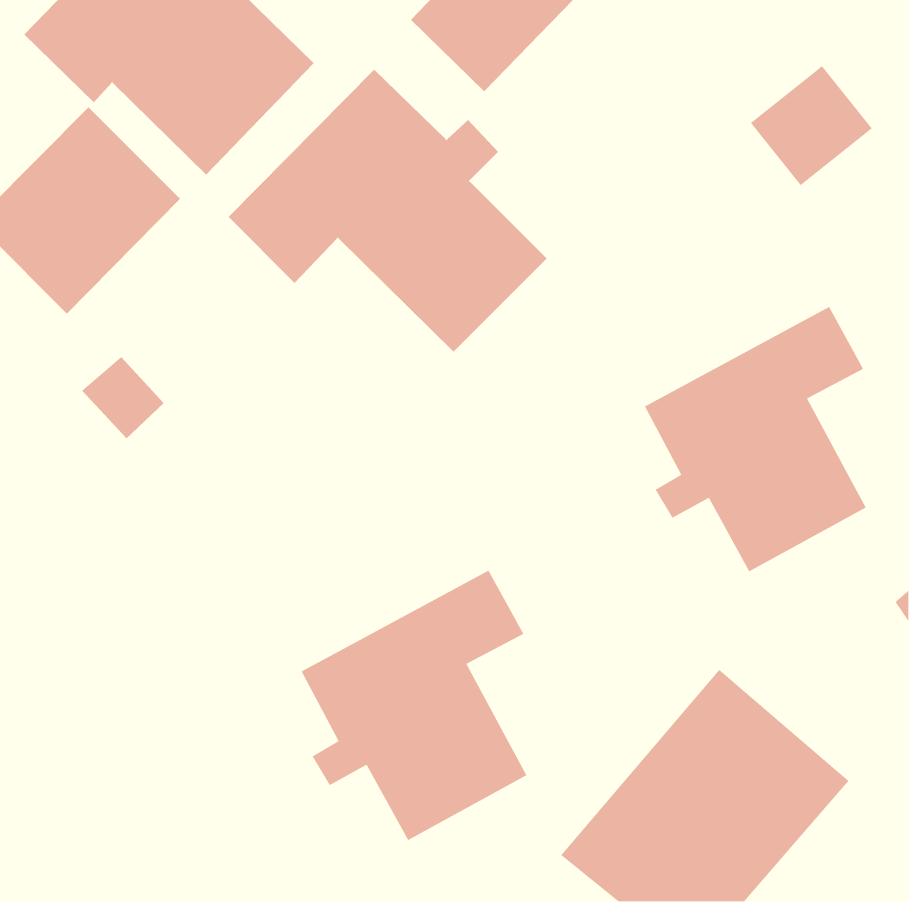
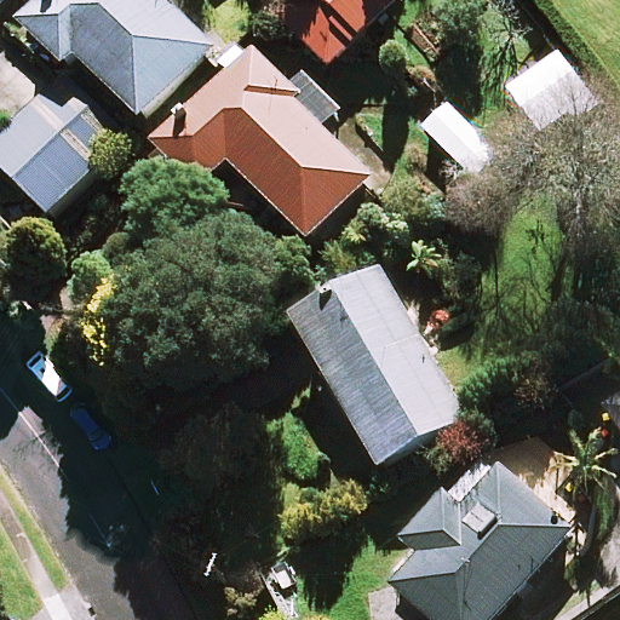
building: [644,306,867,573] -> none
building: none -> [292,263,464,464]
building: [301,569,527,841] -> none

